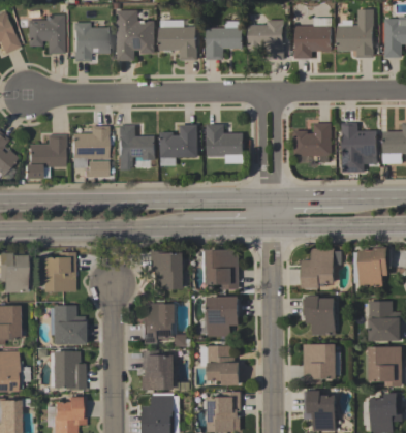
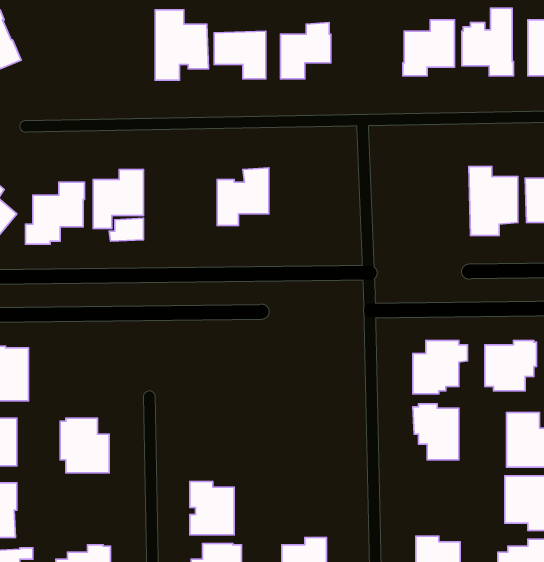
building: [28,16,64,55] -> none
building: [248,21,284,60] -> none
building: [73,23,110,63] -> none
building: [293,123,332,157] -> none
building: [207,125,244,163] -> none
building: [119,126,155,171] -> none
building: [201,251,238,288] -> none
building: [36,252,74,290] -> none
building: [151,252,183,288] -> none
building: [199,296,239,336] -> none
building: [140,303,176,343] -> none
building: [303,344,336,383] -> none
building: [208,345,240,385] -> none
building: [52,350,85,390] -> none

